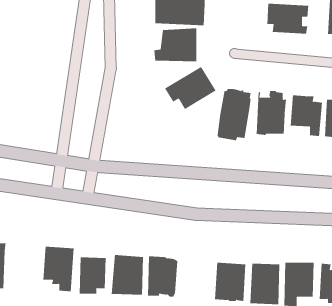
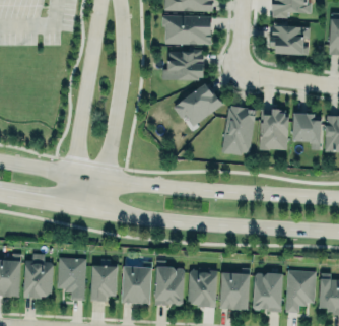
building: none -> [23,253,53,299]
building: none -> [188,270,216,308]

